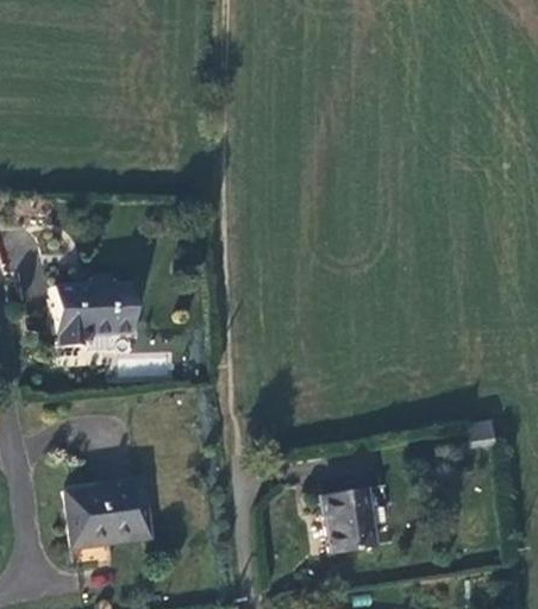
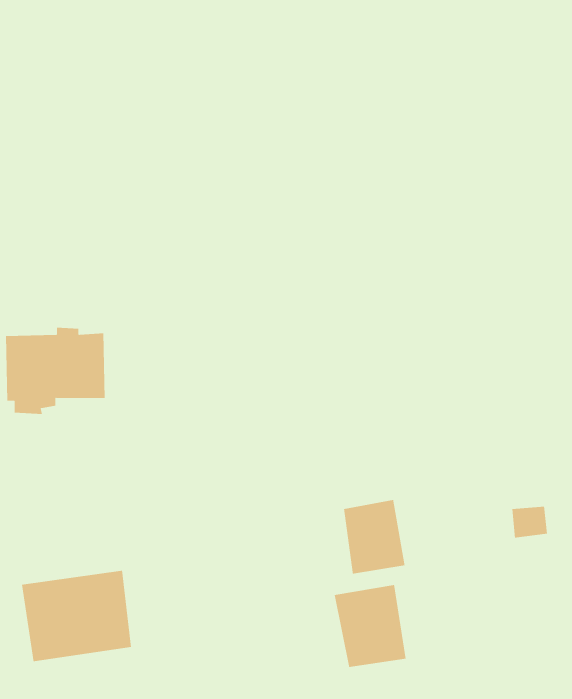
building: none -> [343,499,405,575]

